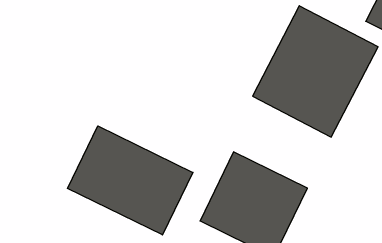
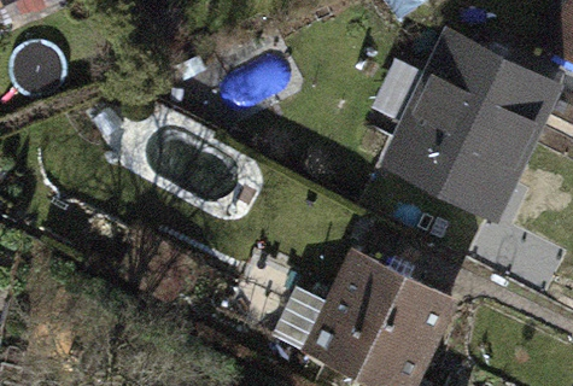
building: [67,126,193,235] -> none

